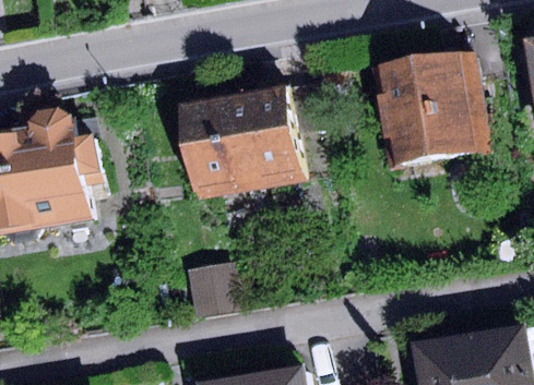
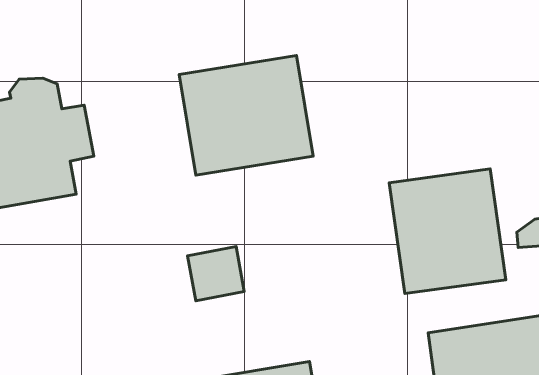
building: [376,56,490,165] -> none
building: none -> [389,169,506,294]

